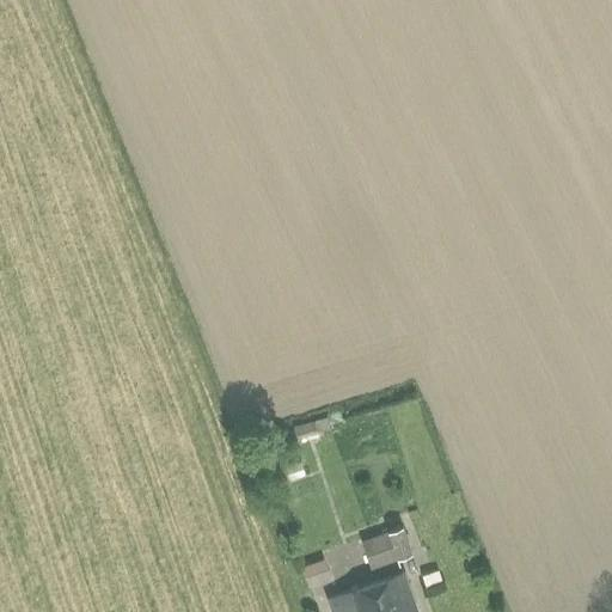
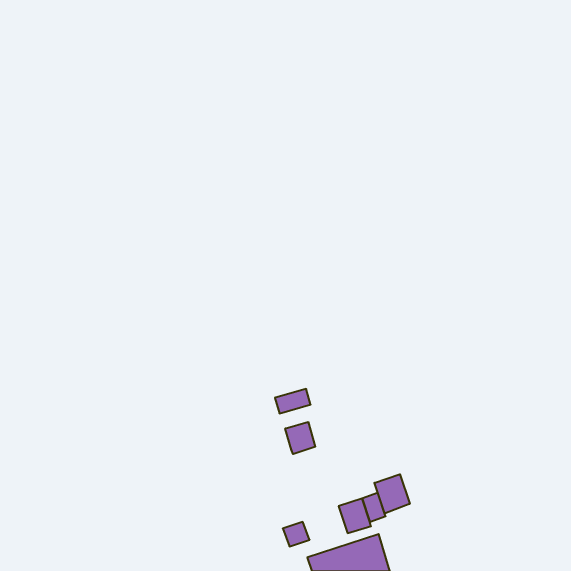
building: none -> [285,422,315,454]
building: none -> [374,474,410,513]

